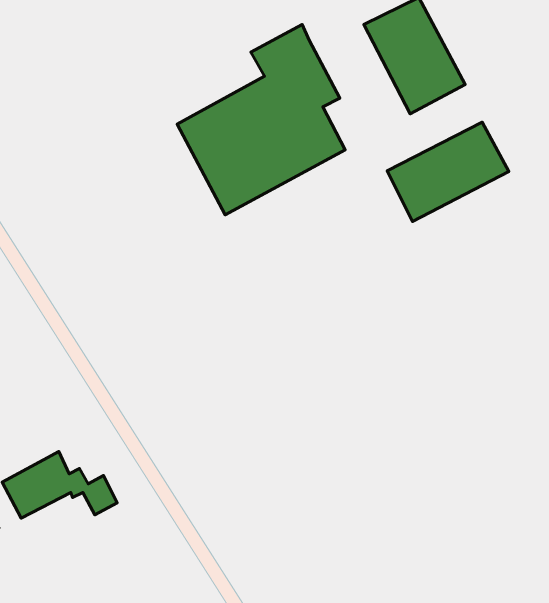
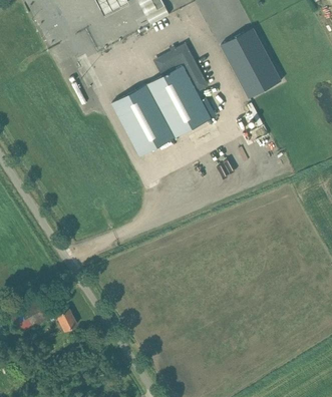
building: [387,122,509,221] -> none

